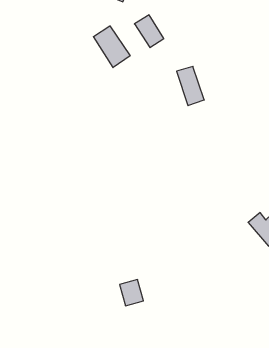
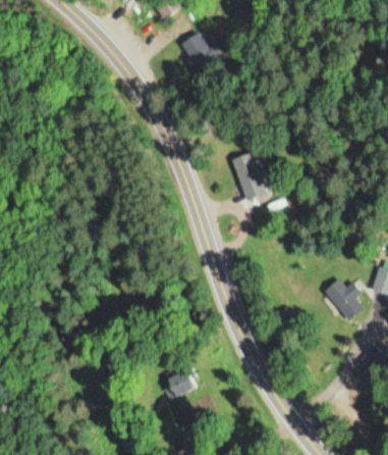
building: [93,26,130,68] -> none
building: [177,66,204,106] -> [233,153,268,202]

